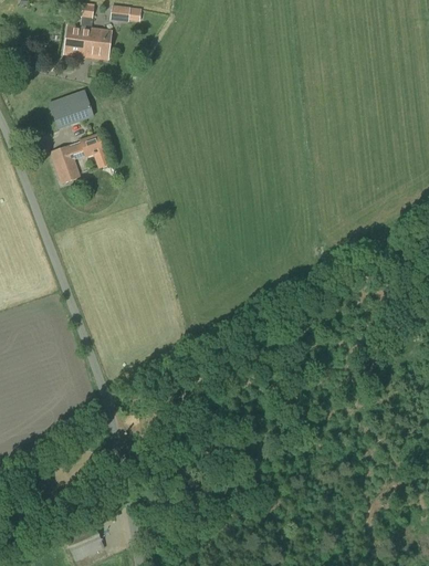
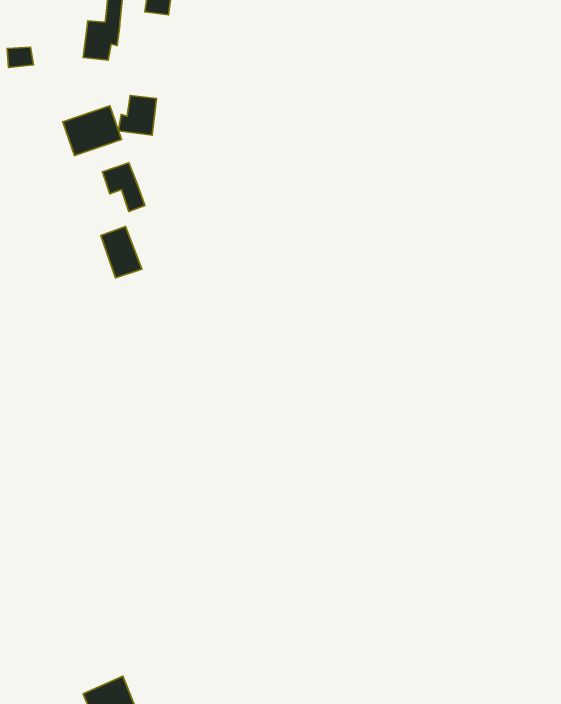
building: [83,30,112,60] -> [118,95,157,135]
building: [51,145,82,184] -> [101,227,142,278]

